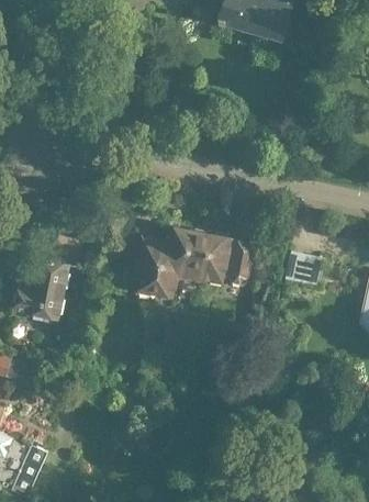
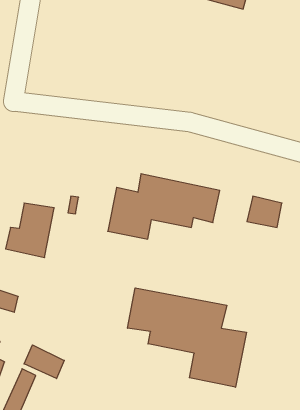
building: none -> [128,288,246,387]
building: none -> [24,345,64,379]

